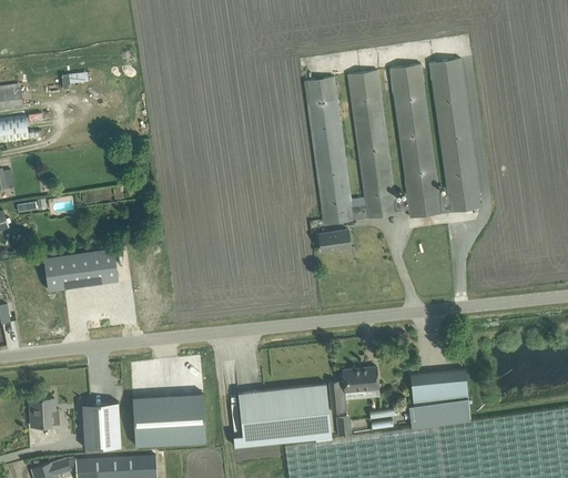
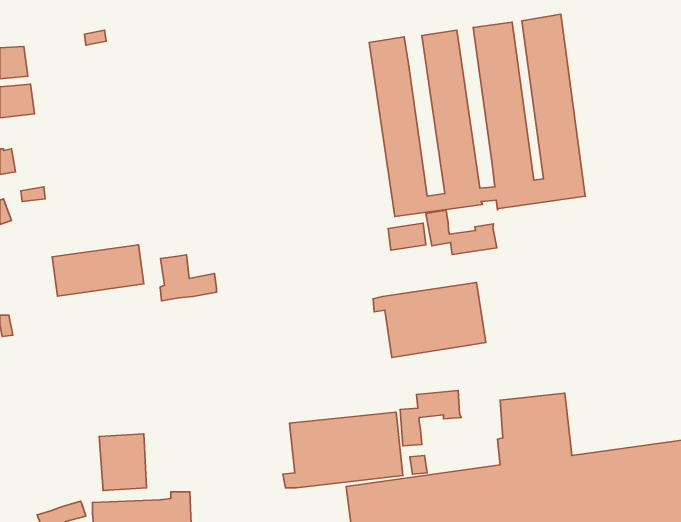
building: none -> [426,210,497,255]
building: none -> [160,255,217,301]
building: none -> [373,283,486,357]
building: [133,394,206,446] -> none
building: [30,398,60,427] -> none

